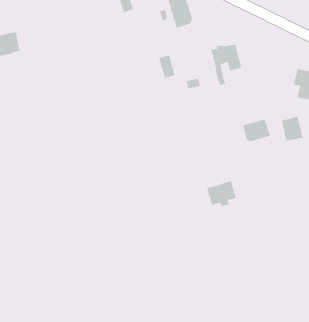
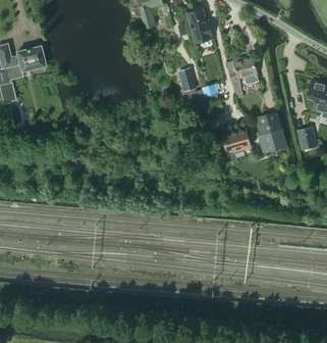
building: none -> [255,112,281,136]
building: [206,180,237,207] -> [221,129,251,154]

